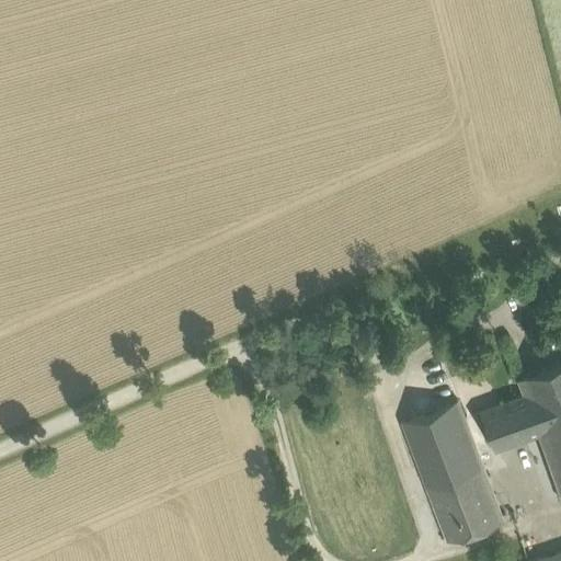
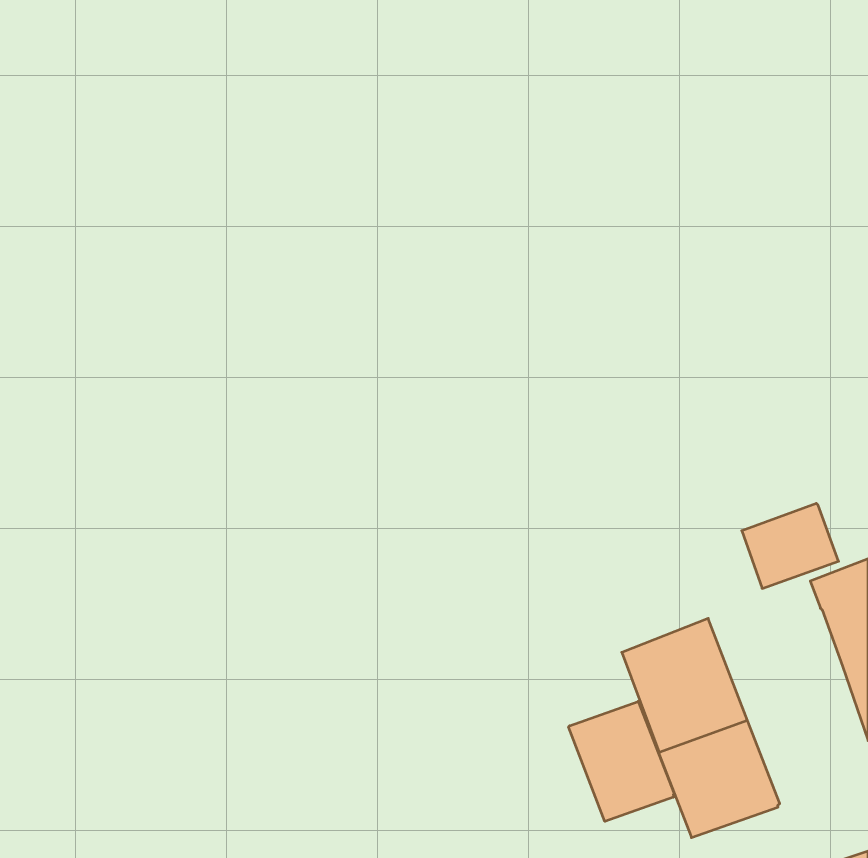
building: [481,399,543,454] -> [742,503,839,588]
building: none -> [569,701,674,821]

